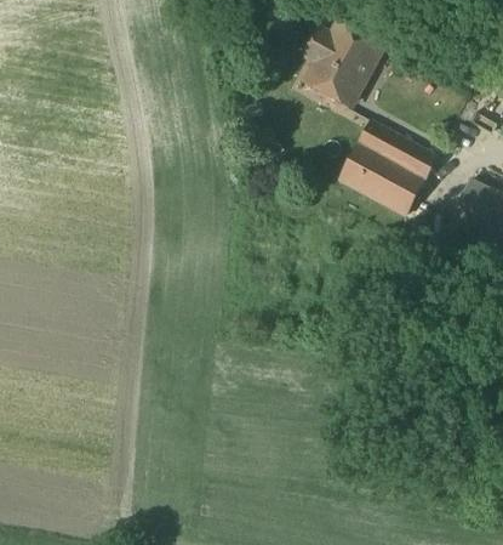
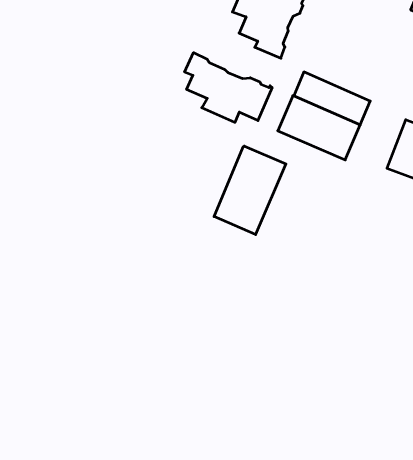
building: none -> [185,53,272,122]
building: none -> [214,146,286,235]

